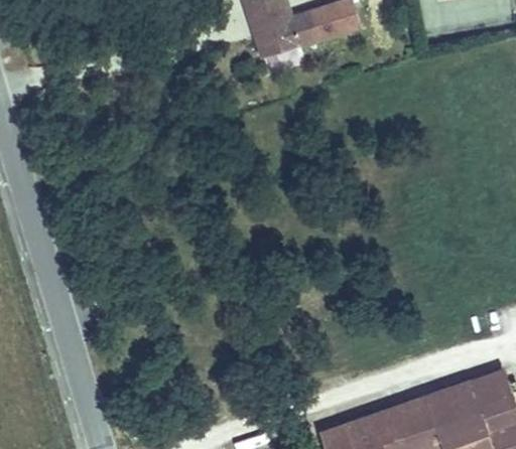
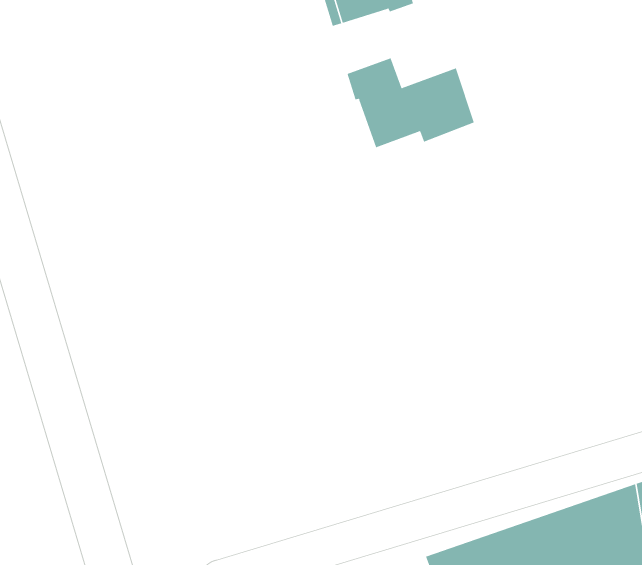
building: none -> [347,57,474,148]

